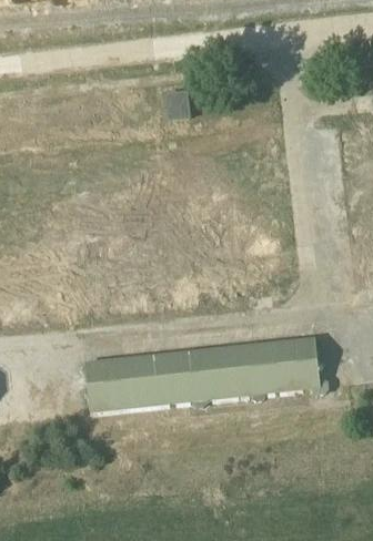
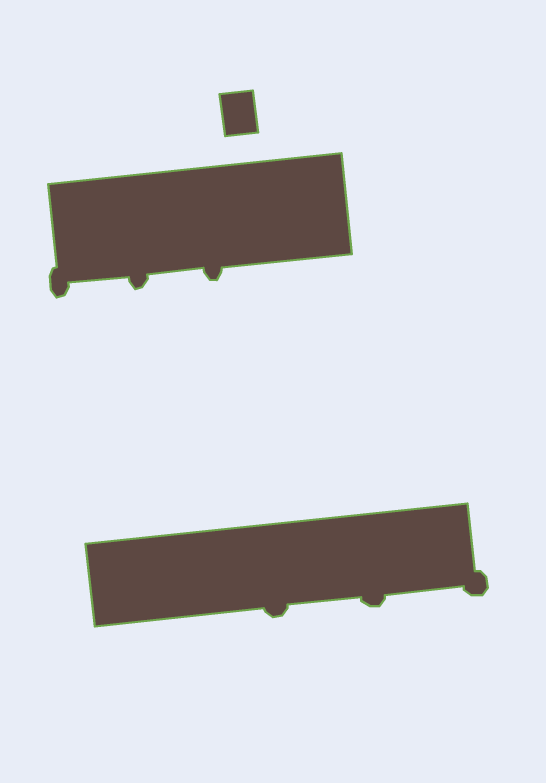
building: none -> [48,153,352,297]

